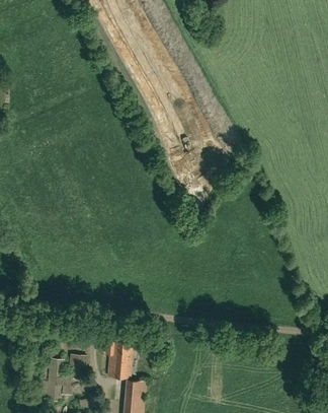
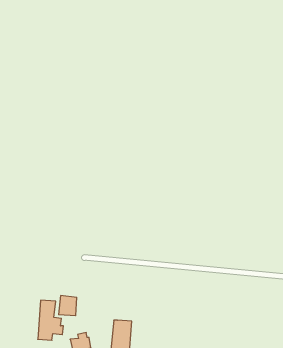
building: [104,342,136,380] -> none

